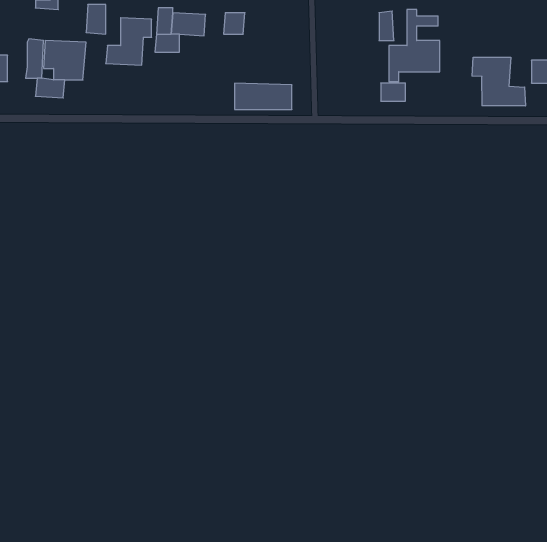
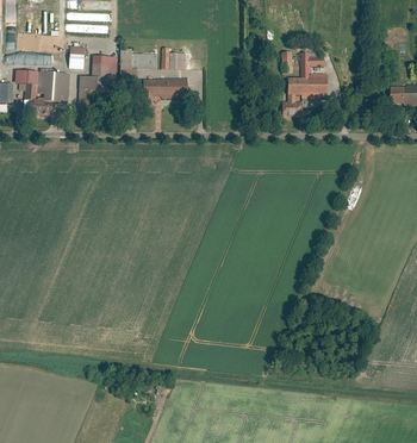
building: [472,57,525,106] -> none
building: [235,83,292,109] -> [144,77,186,96]

